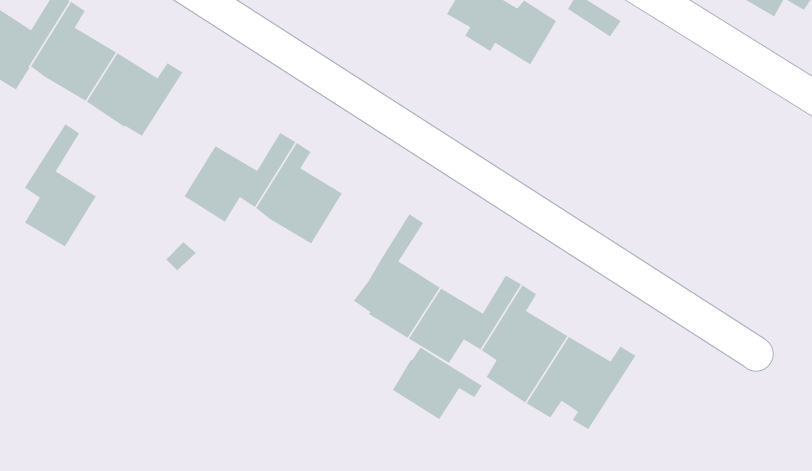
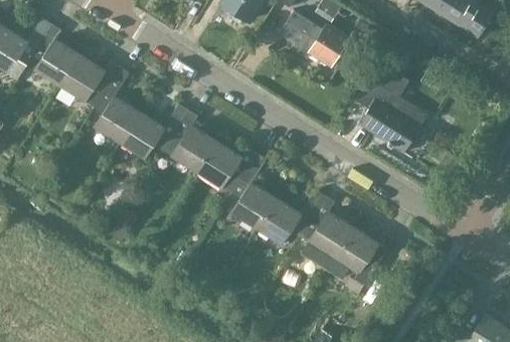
building: none -> [355,77,419,152]
building: [24,123,97,248] -> [95,67,139,143]
building: none -> [197,141,257,194]
building: [392,347,483,420] -> none

